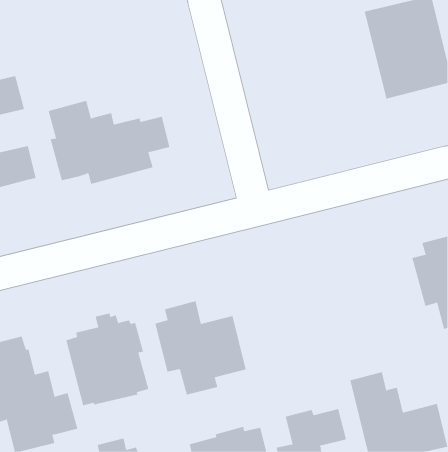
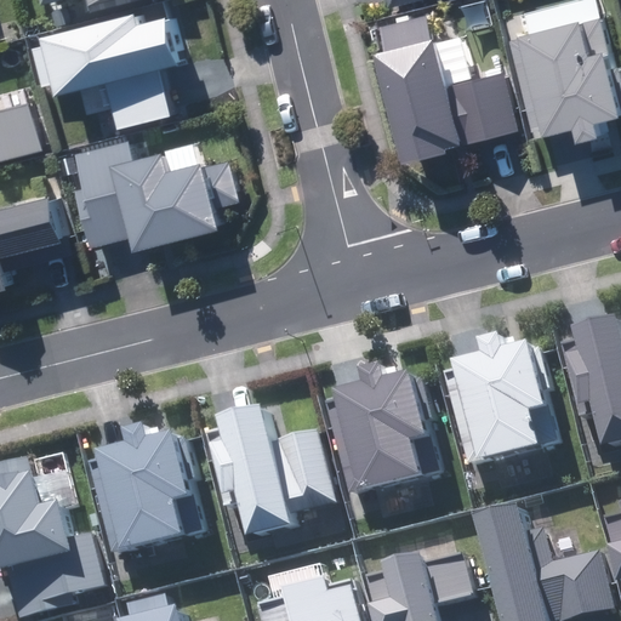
building: none -> [49,8,184,90]
building: none -> [374,12,518,158]
building: none -> [109,73,175,125]
building: none -> [444,338,558,466]
building: none -> [326,368,439,495]

